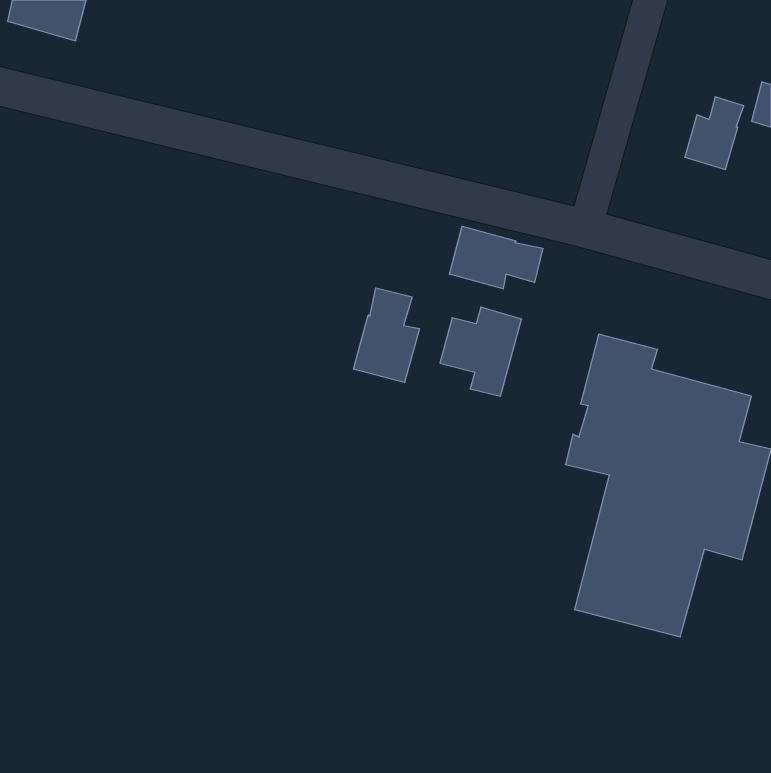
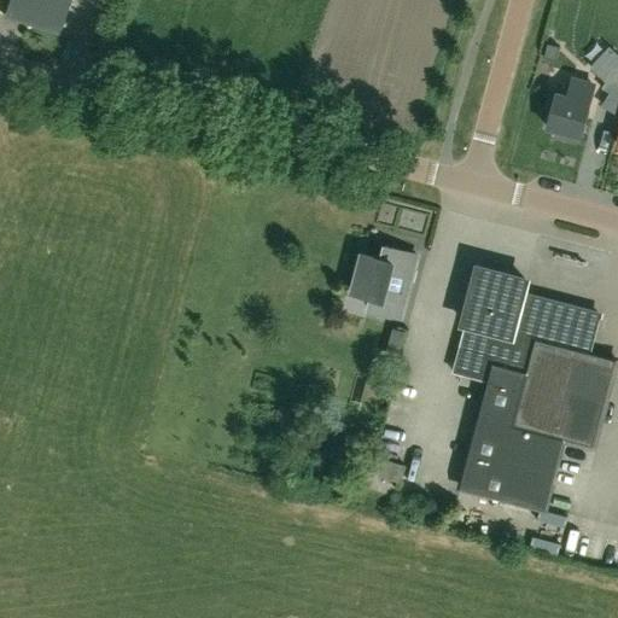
building: [449,226,543,289] -> none
building: [353,288,419,383] -> none

